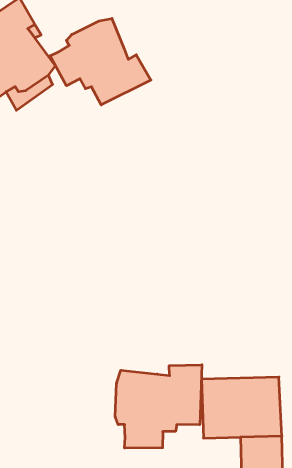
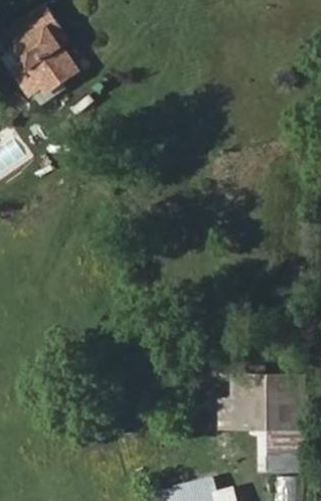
building: [50,18,151,105] -> none
building: [115,365,202,448] -> none

